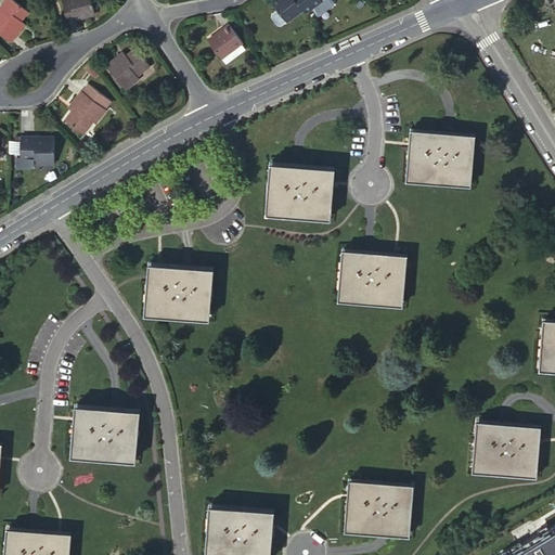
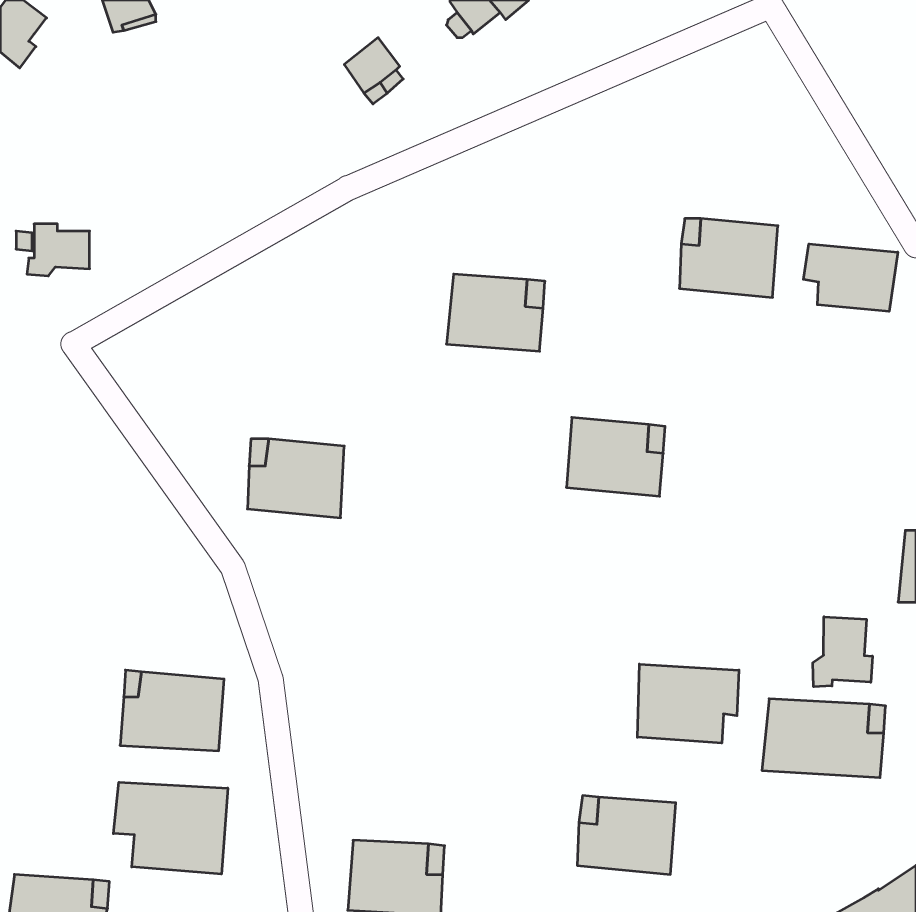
building: [106,50,150,90] -> none
building: [65,85,111,135] -> none
building: none -> [803,244,898,311]
building: none -> [813,617,872,687]
building: none -> [637,664,739,743]
building: none -> [113,782,228,874]

